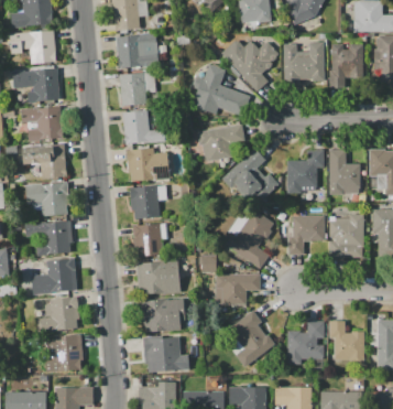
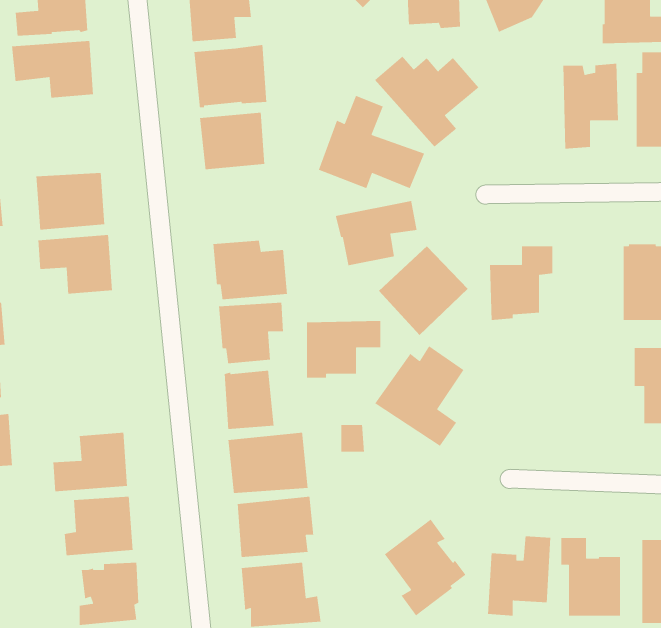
building: [284,42,324,85] -> none
building: [26,68,61,103] -> none
building: [122,109,164,146] -> none
building: [328,149,360,195] -> none
building: [25,181,69,217] -> none
building: [329,215,363,246] -> none
building: [287,216,324,245] -> none
building: [24,220,73,256] -> none
building: [216,273,260,308] -> [306,320,381,378]

